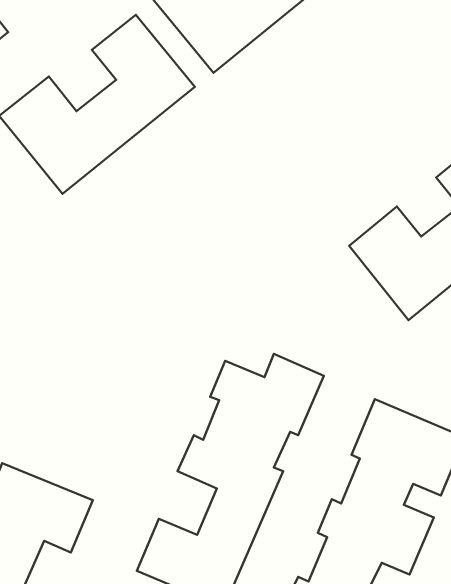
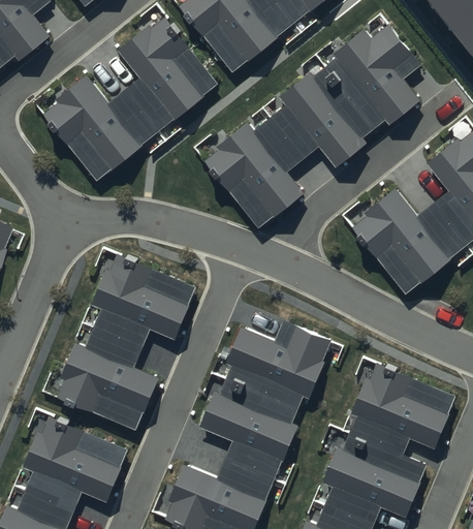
building: none -> [203,30,416,224]
building: none -> [60,255,194,428]

